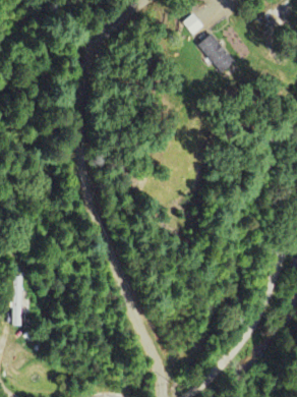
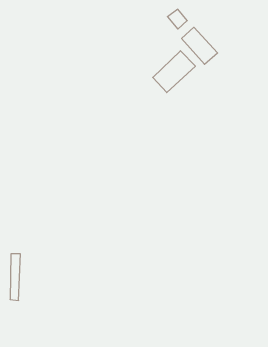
building: none -> [153,51,195,93]

